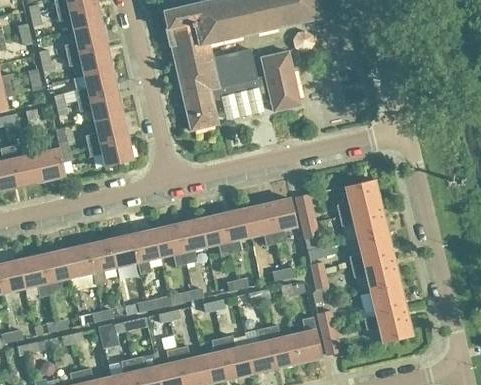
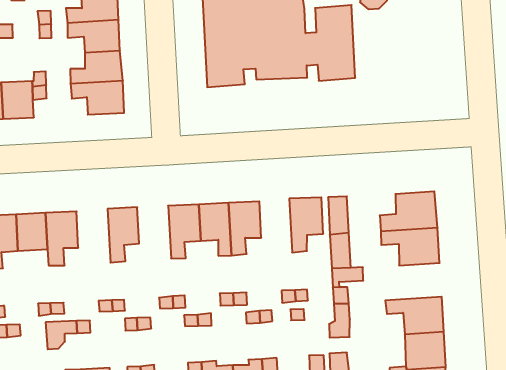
building: [244,203,275,245] -> none
building: [153,224,185,266] -> none
building: [348,232,393,267] -> none
building: [108,234,137,267] -> none

